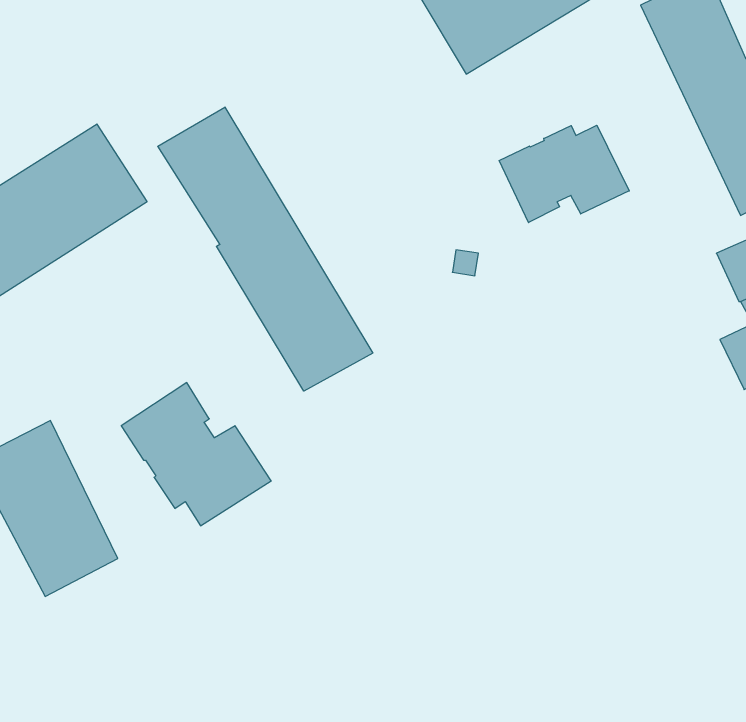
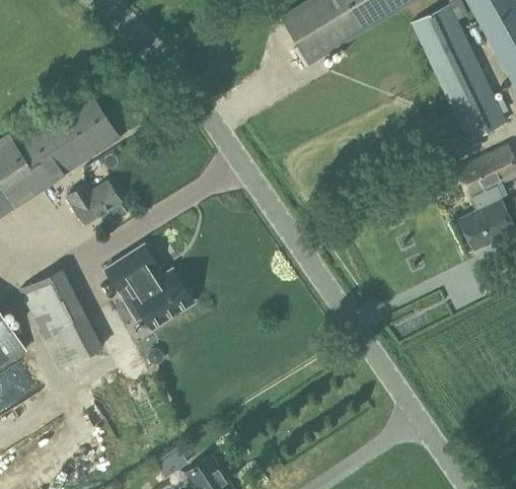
building: [158,107,373,391] -> none
building: [499,125,629,223] -> none
building: none -> [67,182,127,227]

